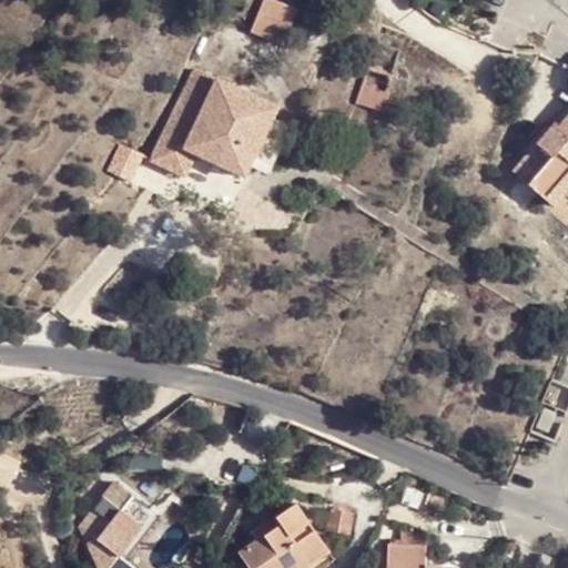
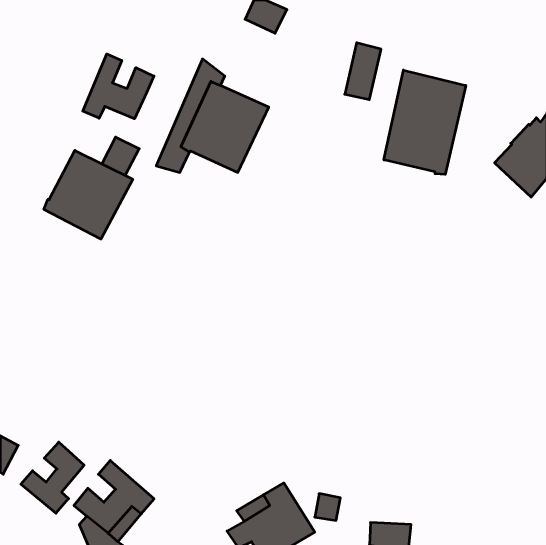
building: none -> [83,54,154,119]
building: none -> [384,70,466,174]
building: none -> [44,150,133,239]
building: none -> [21,442,84,513]

